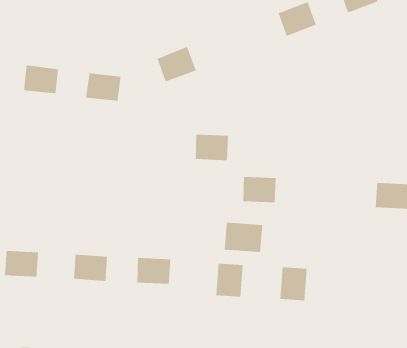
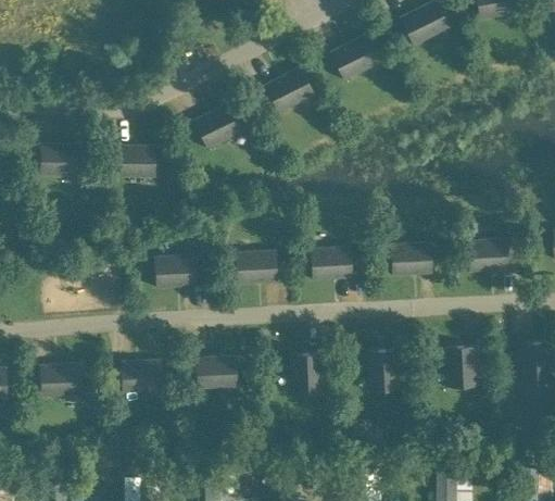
building: none -> [267,68,315,113]
building: [195,134,229,161] -> [237,251,278,284]
building: none -> [156,255,197,288]
building: none -> [392,243,432,276]
building: [224,222,263,253] -> none
building: none -> [446,347,479,387]

